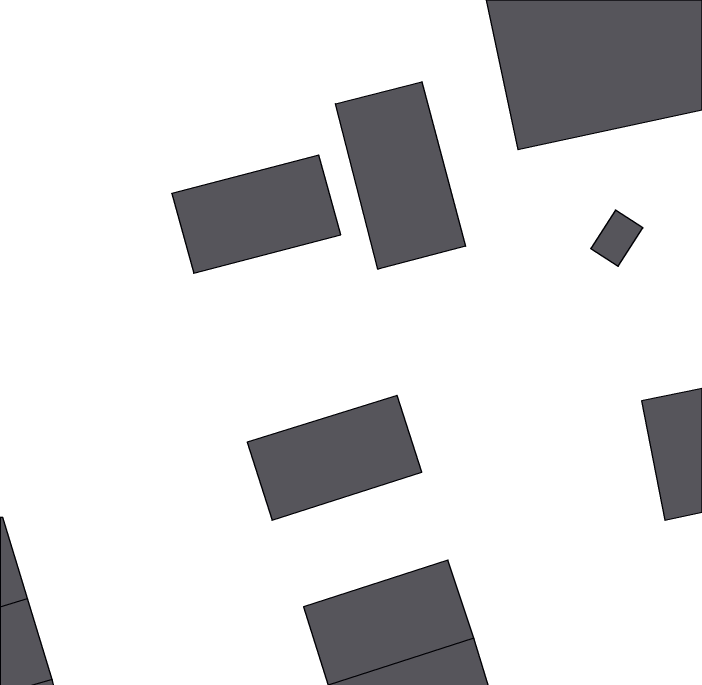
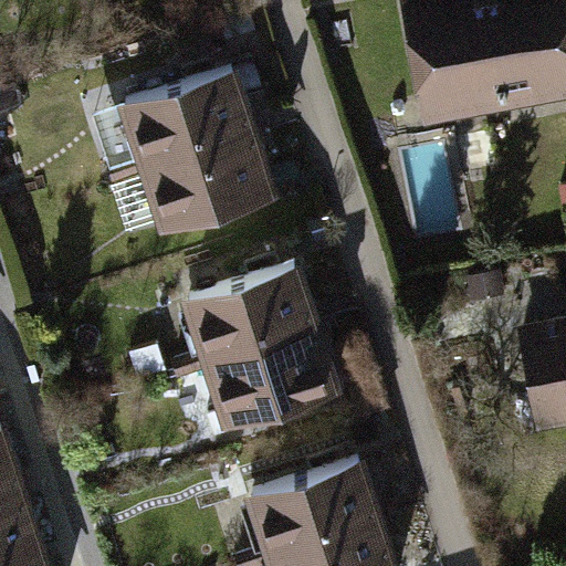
building: none -> [122,74,256,169]
building: [335,82,466,269] -> none
building: none -> [179,269,319,369]

